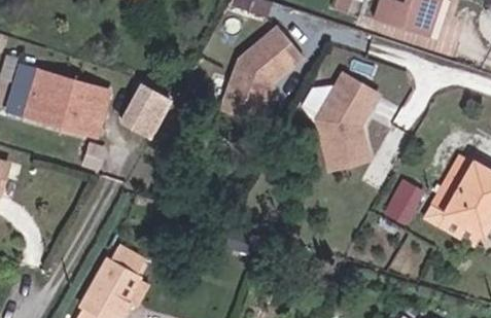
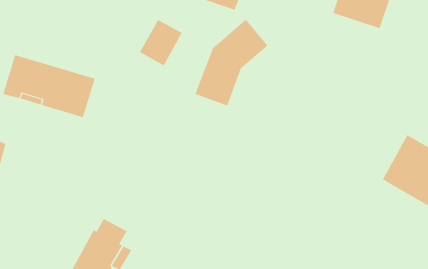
building: [317,74,377,169] -> none
building: [121,83,170,136] -> [139,19,183,66]
building: [388,176,424,217] -> none

